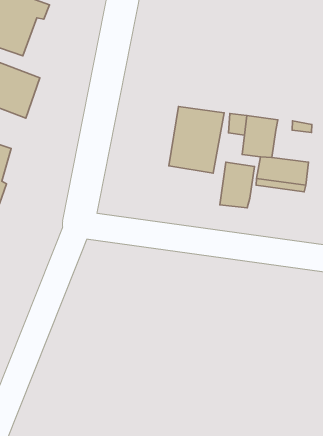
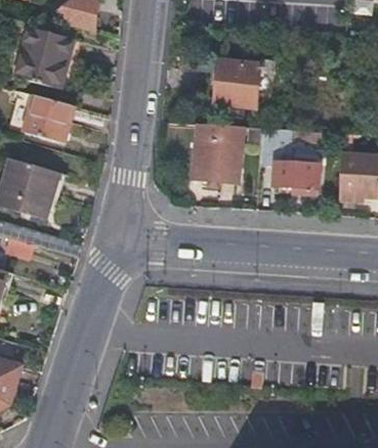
building: none -> [213,60,257,108]
building: [220,162,254,208] -> none

